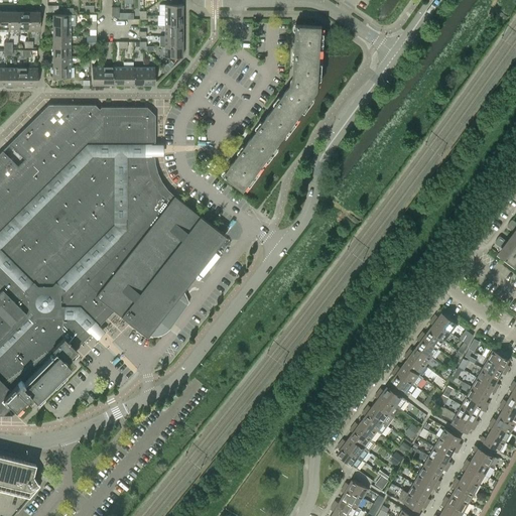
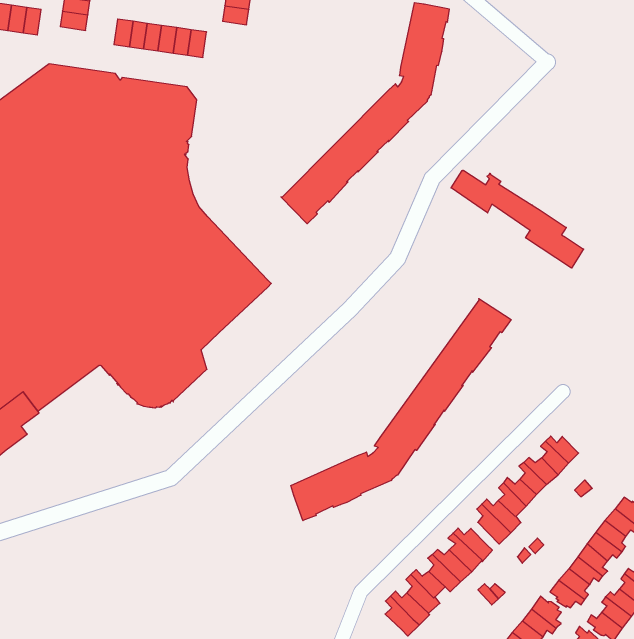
building: none -> [451,170,584,268]
building: none -> [291,299,511,521]

